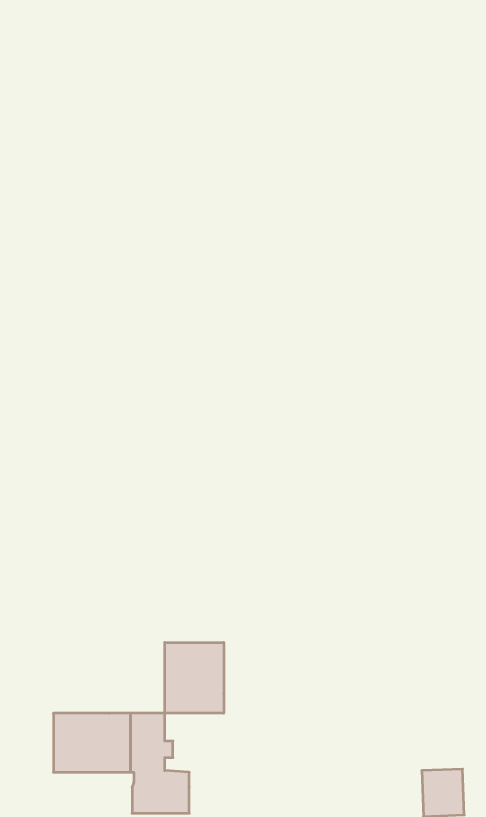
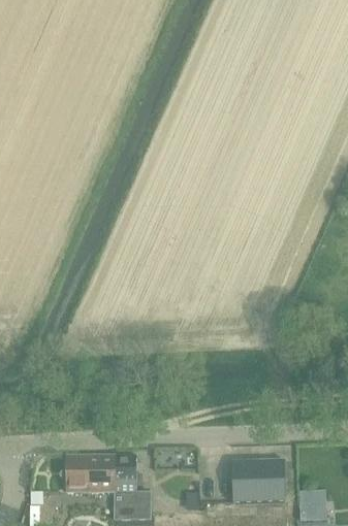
building: [165,642,224,713] -> none
building: none -> [232,460,285,501]

